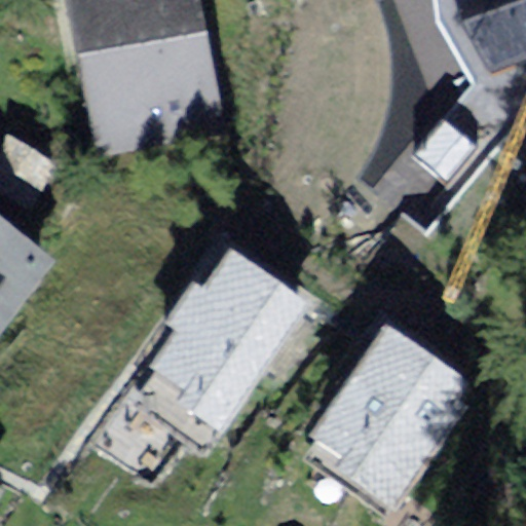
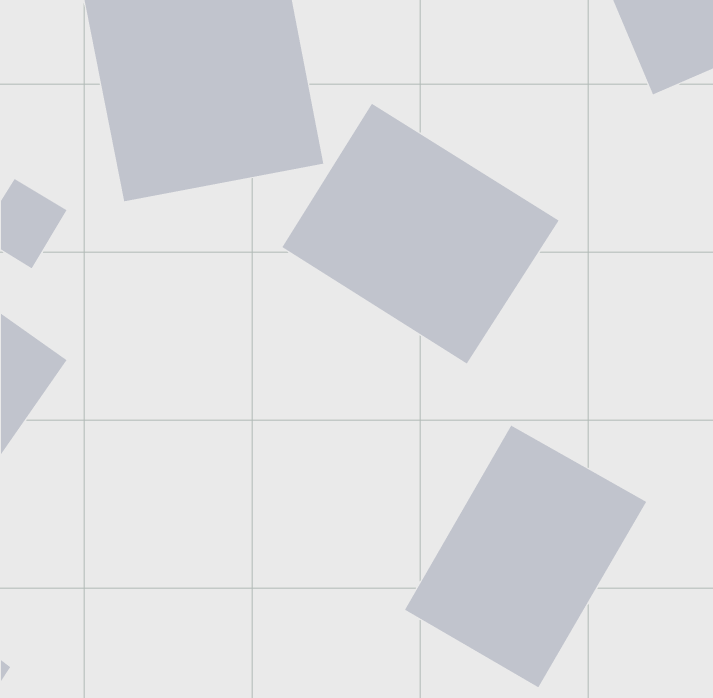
building: none -> [281,103,559,365]
building: [108,254,303,485] -> none

